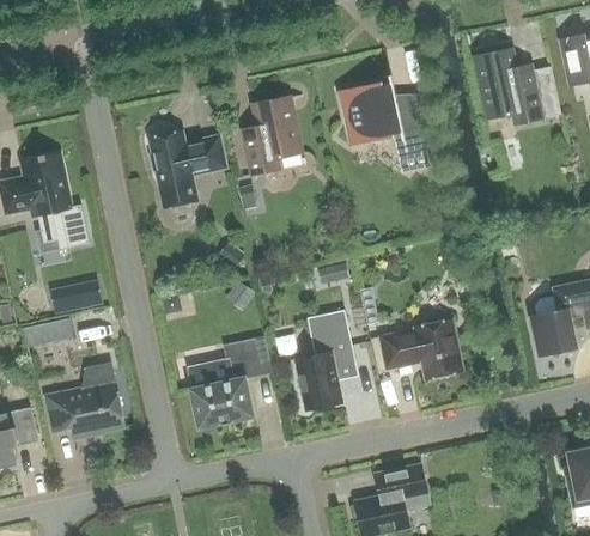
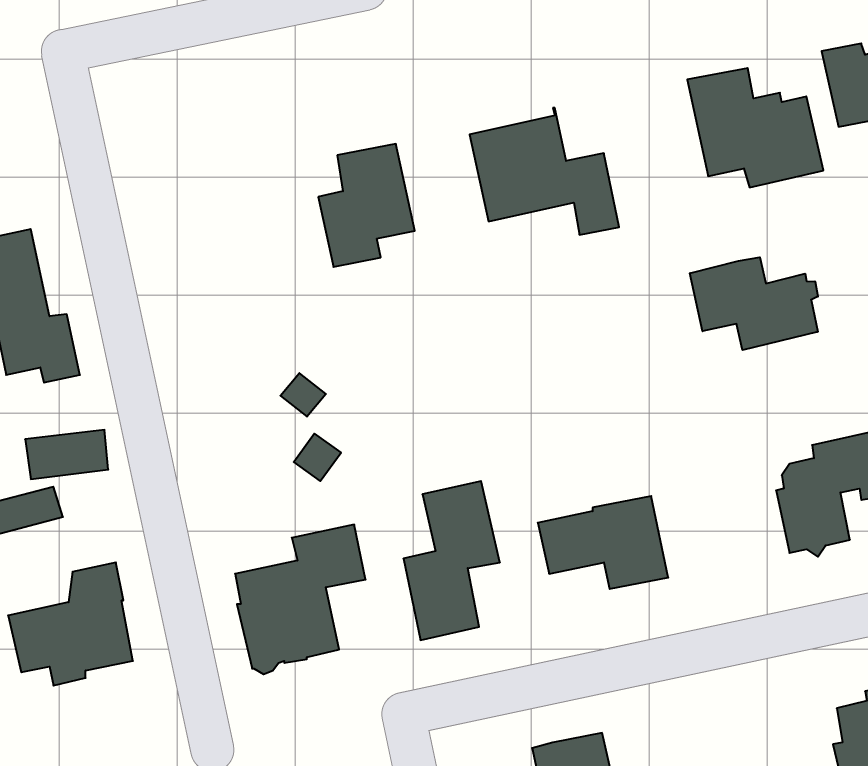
building: [148,130,226,209] -> none
building: none -> [690,257,818,350]

